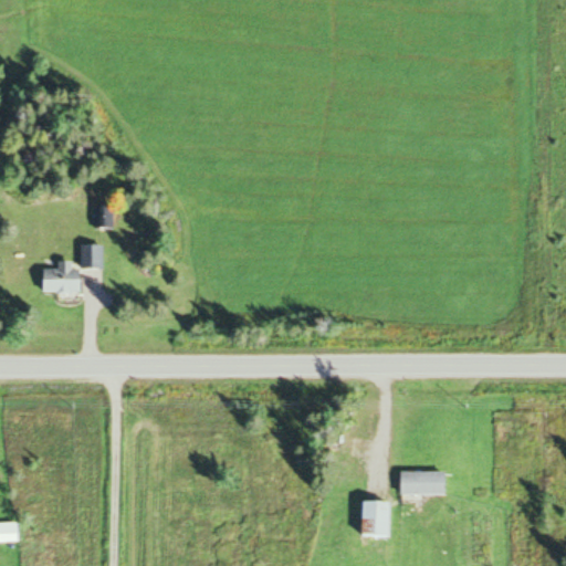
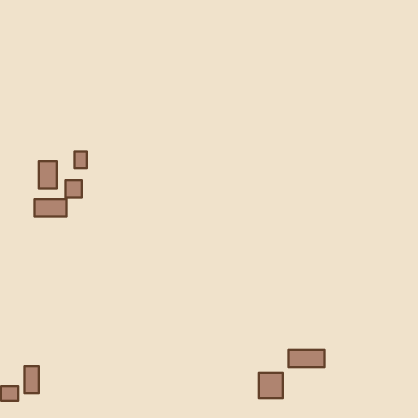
building: none -> [39,161,57,189]
building: none -> [24,366,39,393]

